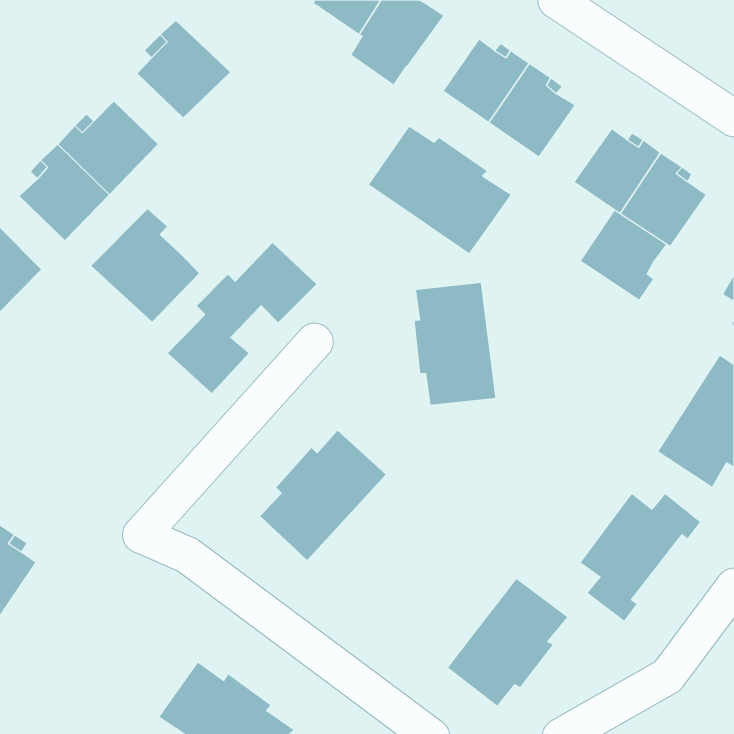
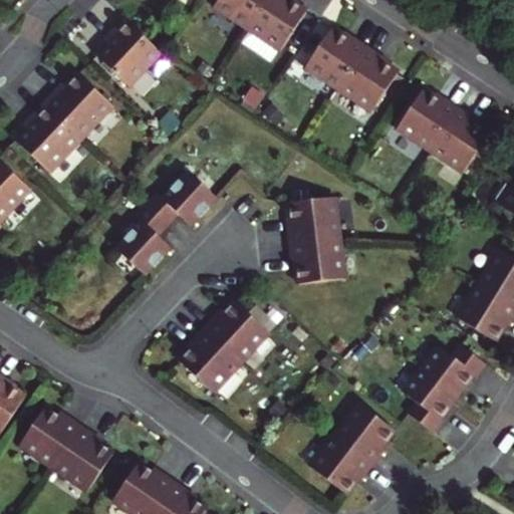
building: [368,126,512,254] -> none
building: [90,209,200,322] -> none
building: [580,210,667,301] -> none
building: none -> [18,408,112,492]

